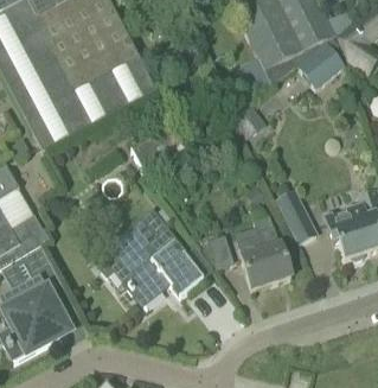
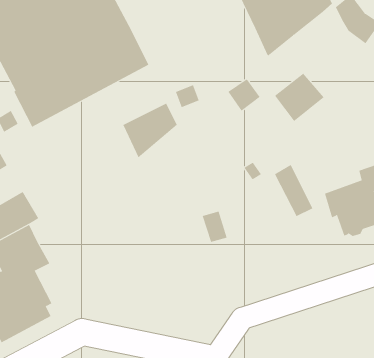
building: [296,40,345,88] -> [274,73,324,122]
building: [103,210,201,303] -> none
building: [237,214,290,287] -> none

